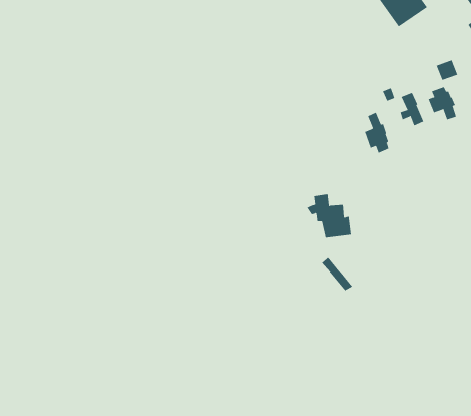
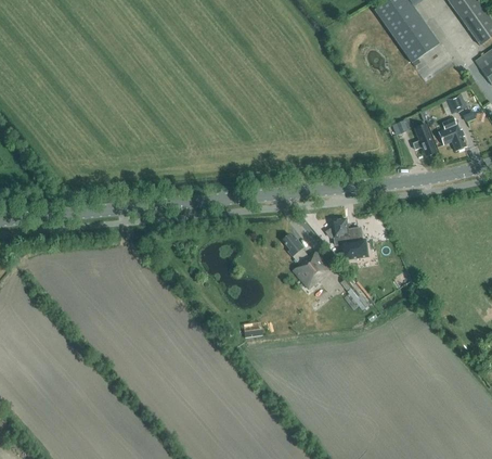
building: [364,112,389,154] -> none
building: none -> [282,233,331,286]

